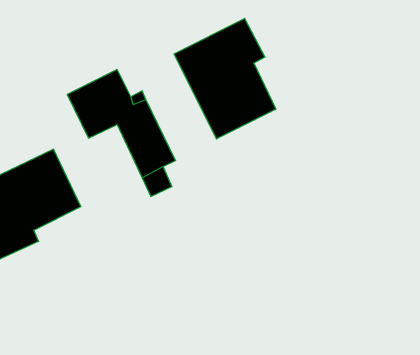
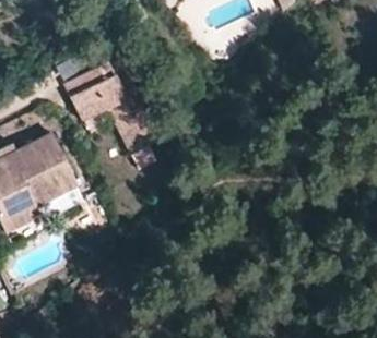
building: [174,18,276,139] -> none

